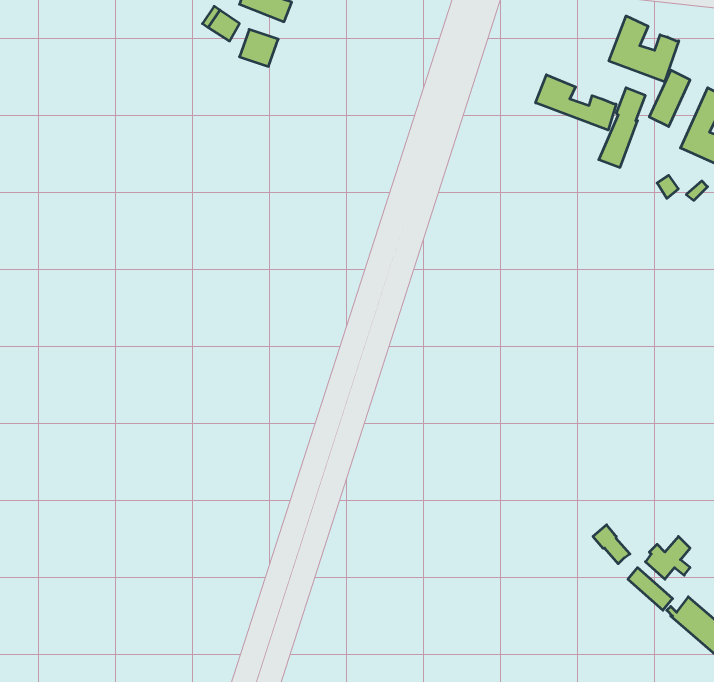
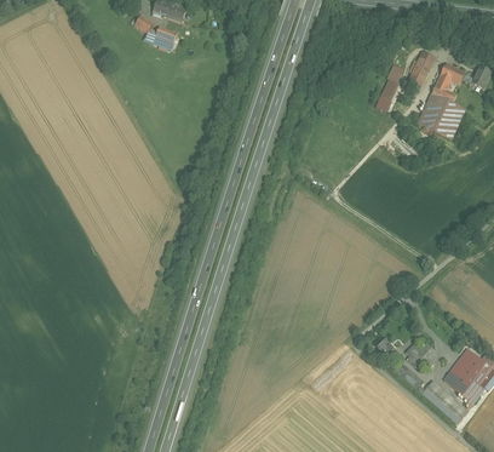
building: [609,16,679,82] -> none
building: [536,75,616,130] -> none

